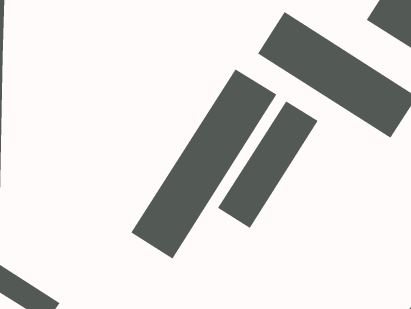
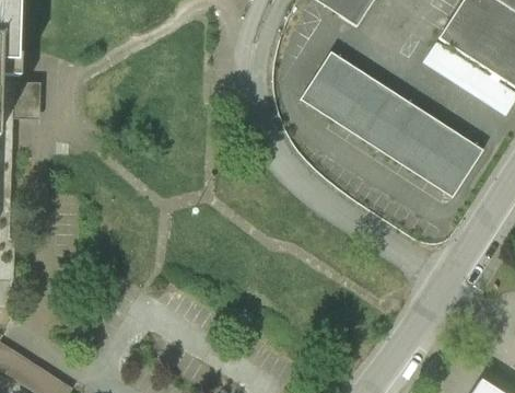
building: [130,68,277,259] -> none
building: [217,100,318,229] -> none

